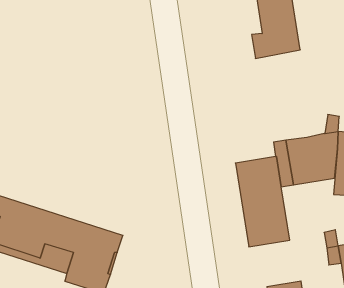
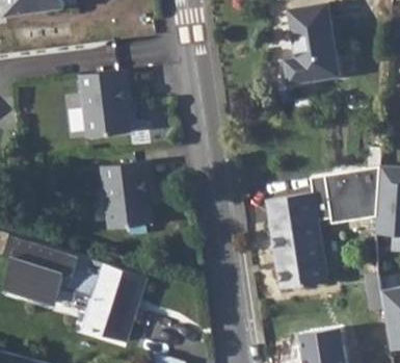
building: none -> [78,71,130,138]
building: none -> [98,164,151,232]

